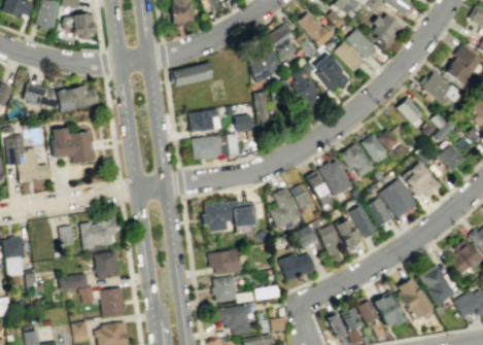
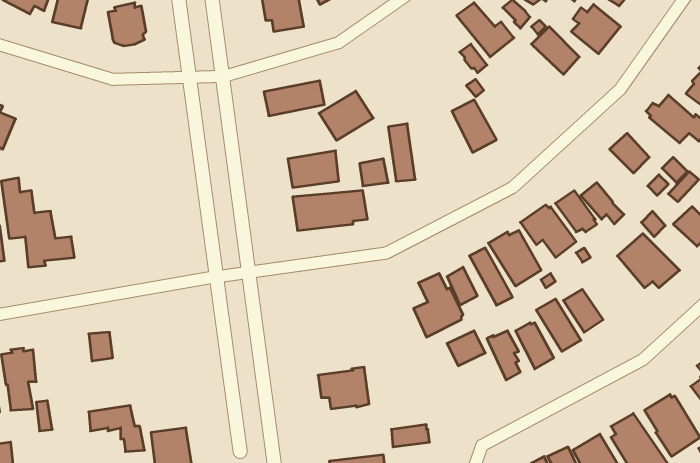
building: [268,24,297,61] -> none
building: [334,40,366,72] -> none
building: [248,50,283,82] -> [319,91,373,140]
building: [316,54,349,91] -> none
building: [24,82,98,110] -> none
building: [51,127,94,163] -> none
building: [379,178,418,218] -> none
building: [203,200,258,232] -> none
building: [80,218,117,249] -> none
building: [95,251,119,279] -> none
building: [278,252,315,281] -> none
building: [212,276,253,303] -> none

